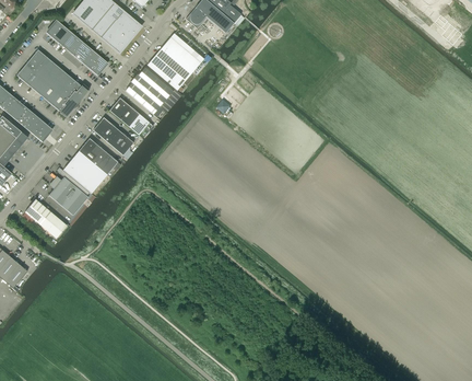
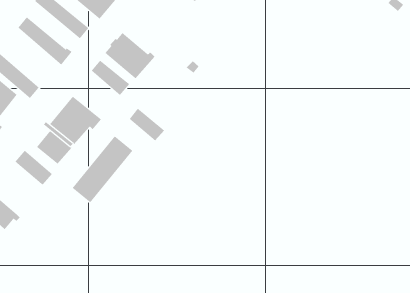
building: [146,37,200,90] -> none
building: [16,61,76,118] -> none
building: [93,117,133,154] -> [129,108,165,141]
building: none -> [72,136,133,203]

